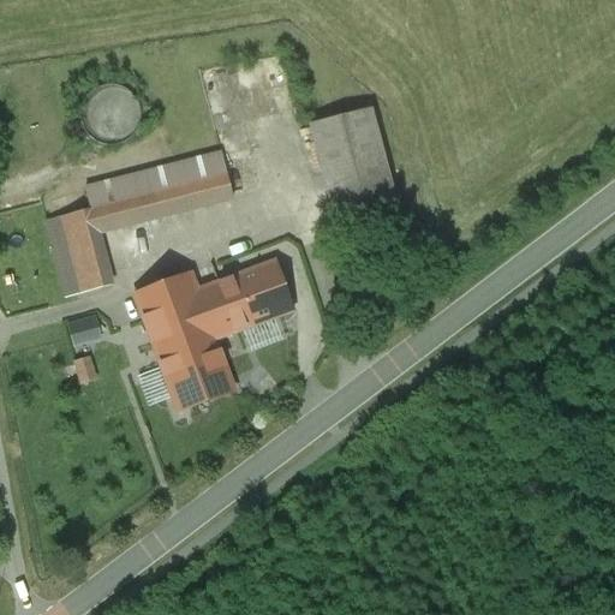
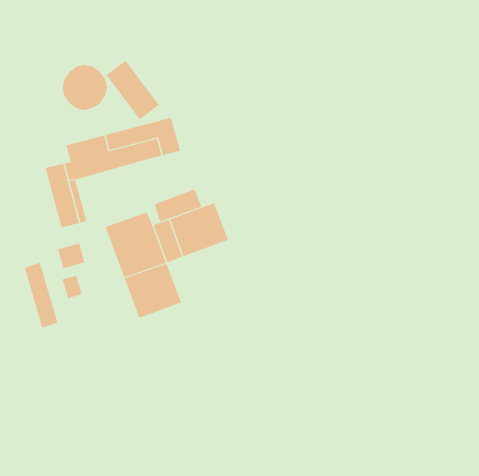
building: none -> [106,60,160,120]
building: [311,108,394,216] -> none
building: none -> [154,188,202,222]
building: none -> [24,262,58,328]

